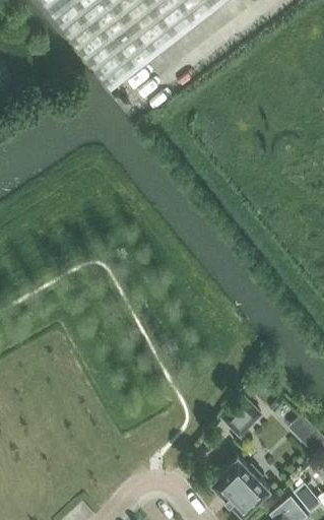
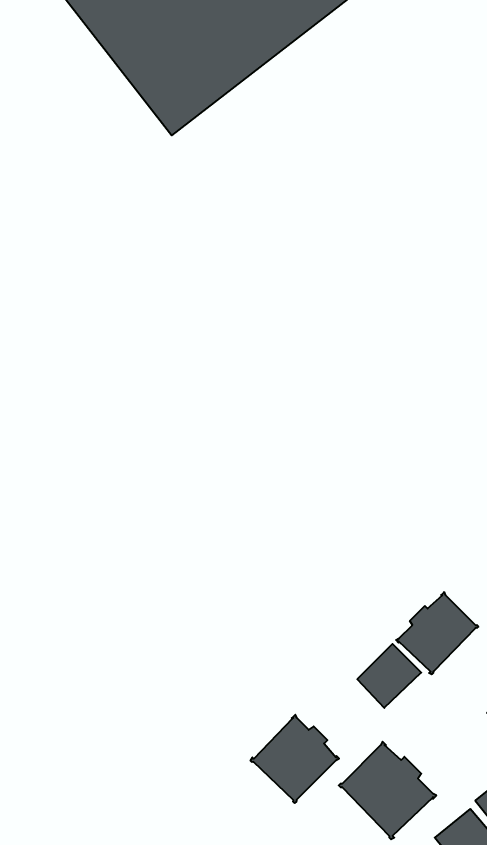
building: none -> [396,592,478,674]
building: none -> [251,715,339,803]

